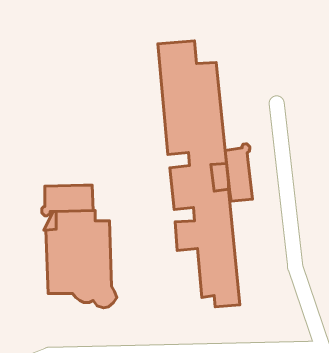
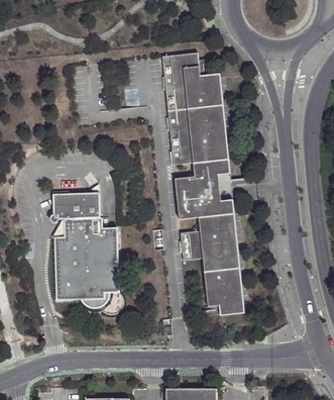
building: [225,144,252,201] -> none

